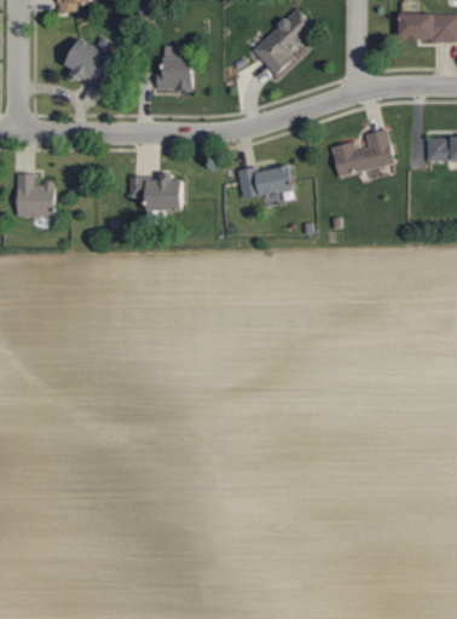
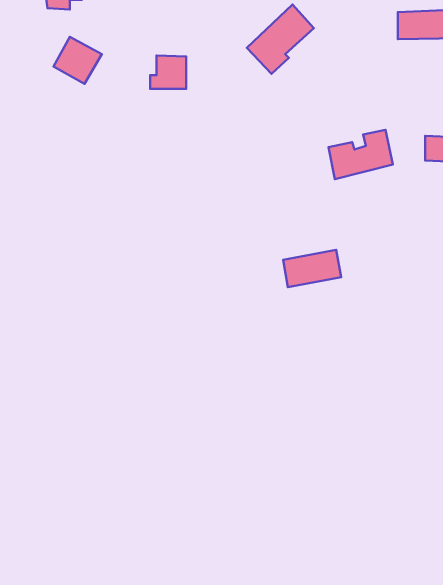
building: [237,162,294,198] -> [283,250,341,287]
building: [16,173,54,216] -> none
building: [129,175,183,212] -> none

